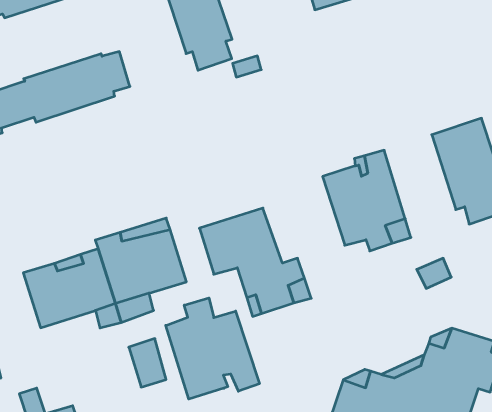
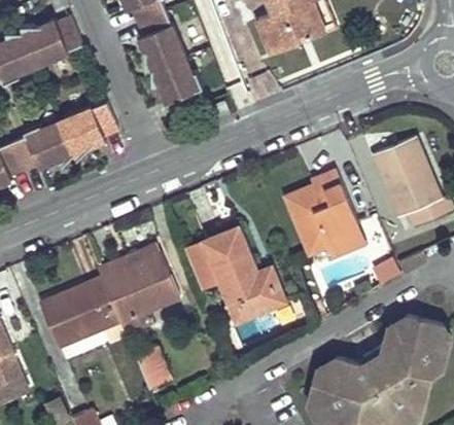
building: [166,298,259,399] -> none

